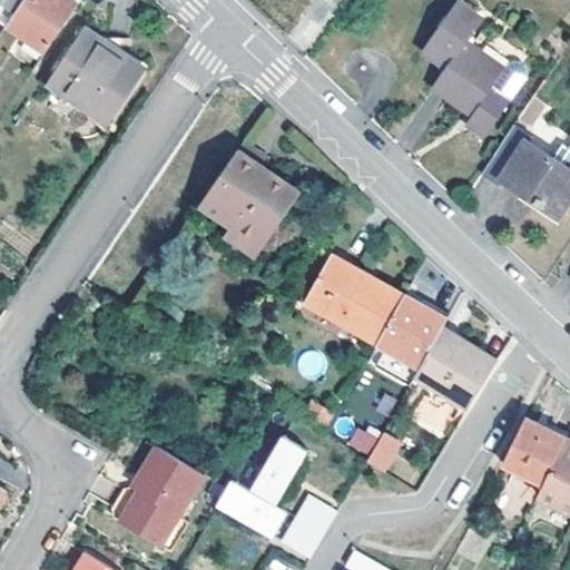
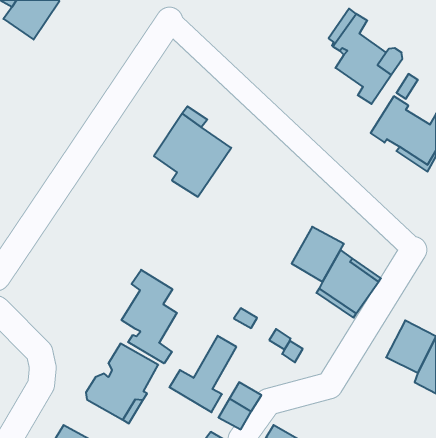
building: [45,28,142,124] -> none
building: [304,253,404,343] -> none
building: none -> [122,270,177,363]

